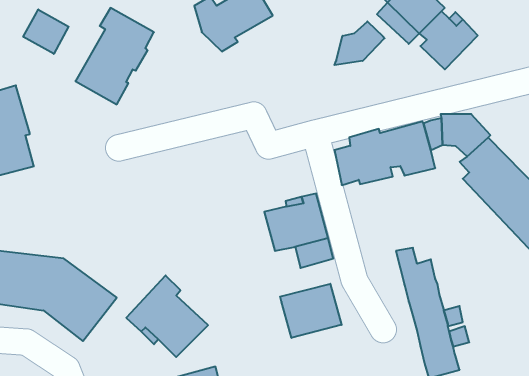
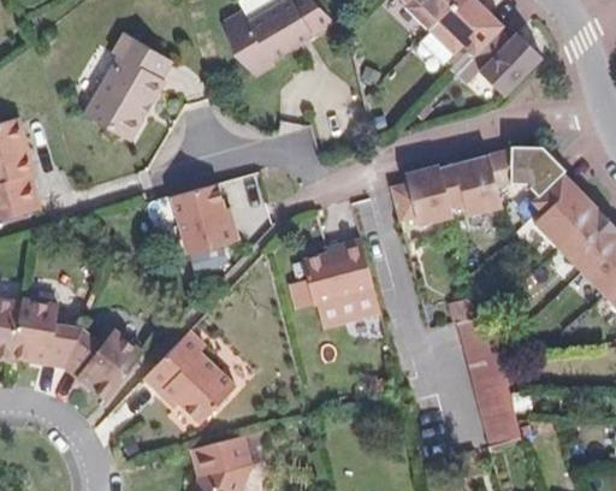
building: [23,9,69,54] -> none
building: [334,21,385,65] -> none
building: none -> [172,182,241,253]
building: [280,284,342,338] -> none

